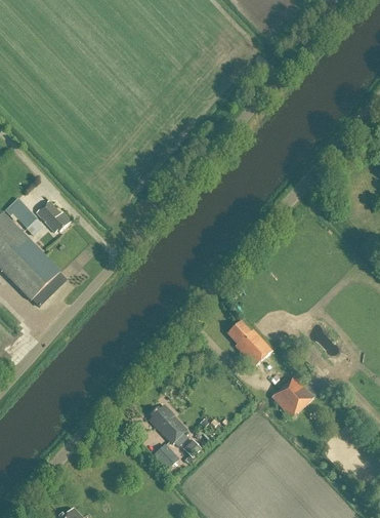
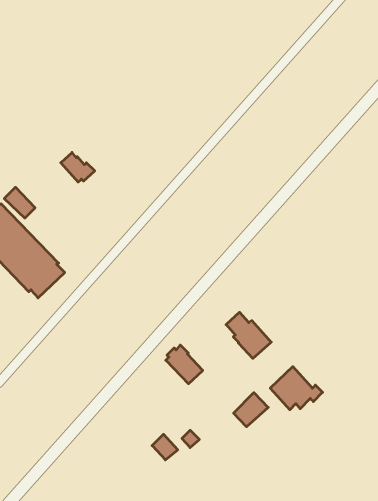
building: [36,201,70,231] -> [61,152,95,182]
building: none -> [234,393,268,427]
building: [149,403,185,442] -> [166,345,203,384]

